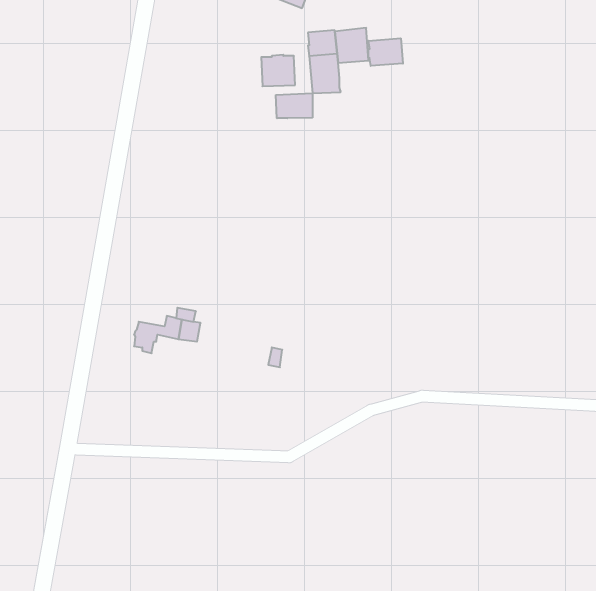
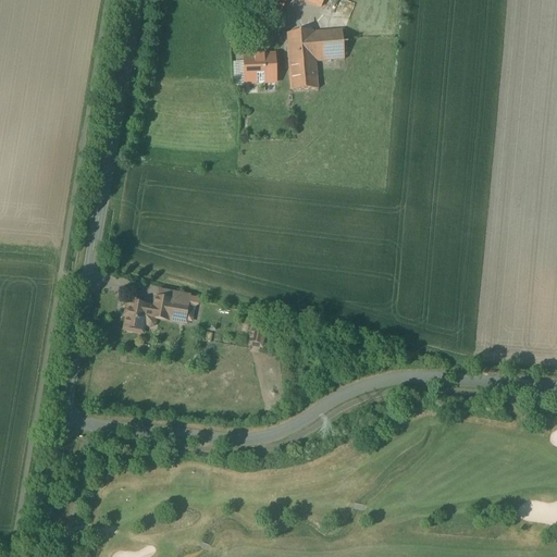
building: [368,38,403,66] -> none
building: [276,93,313,118] -> none

